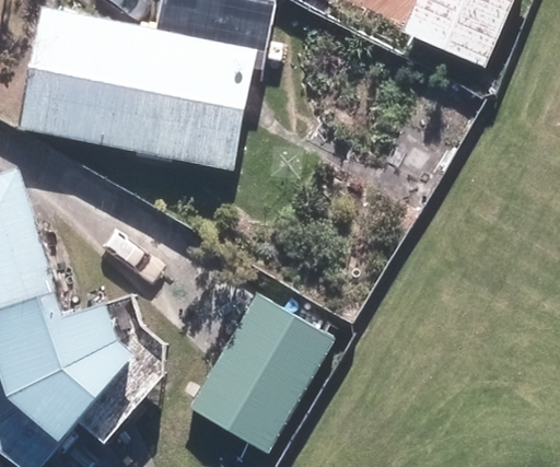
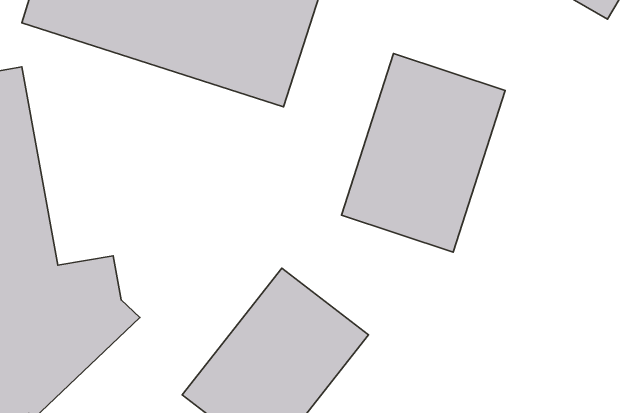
building: none -> [342,53,505,252]

